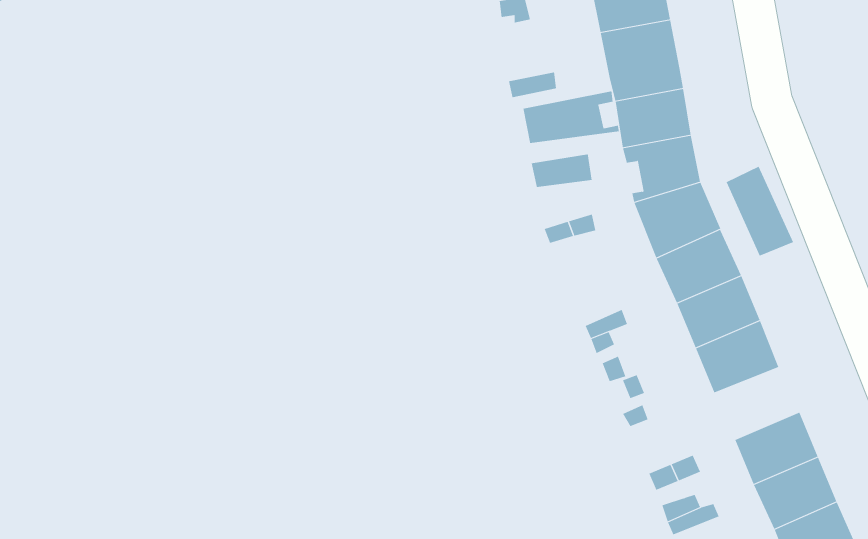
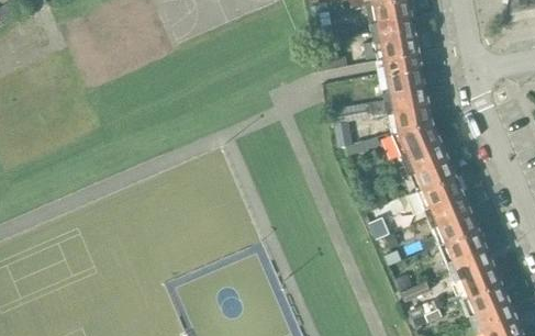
building: [523,90,620,144] -> none
building: [726,166,794,257] -> none
building: none -> [439,228,490,271]

